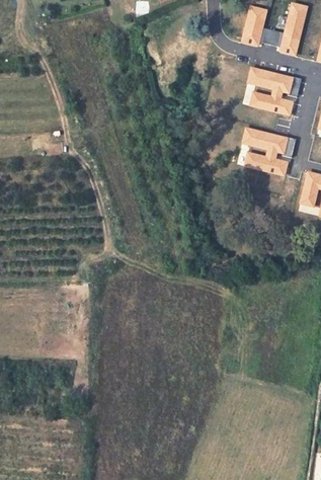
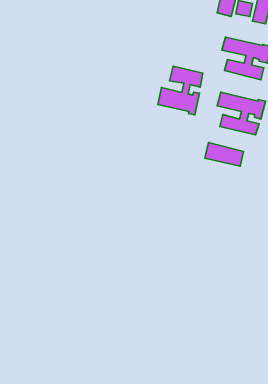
building: none -> [158,66,203,115]
building: none -> [205,142,243,166]

